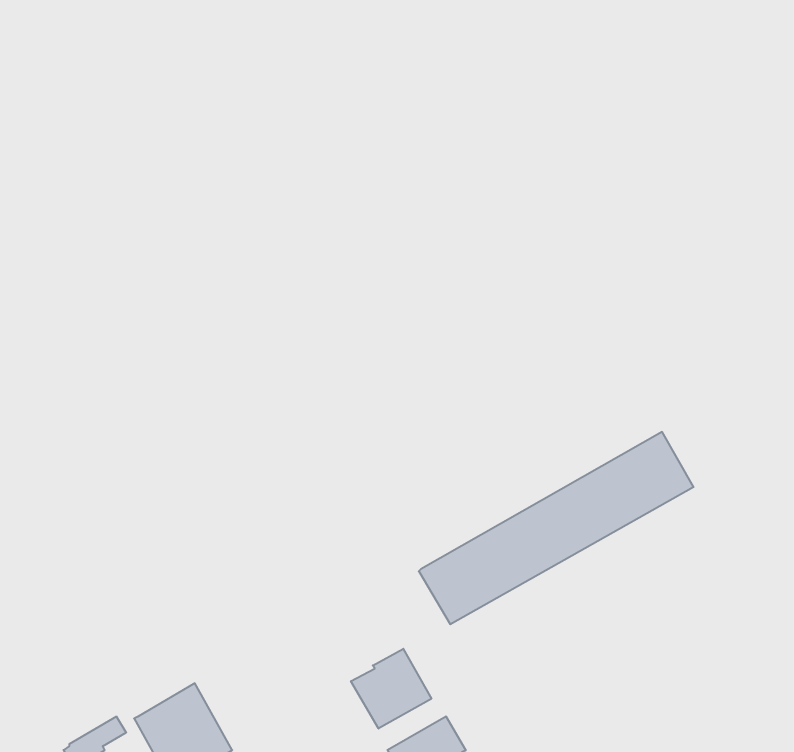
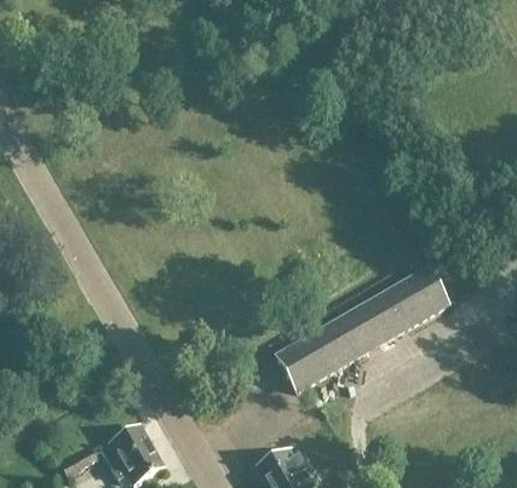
building: [351,649,431,729] -> none

